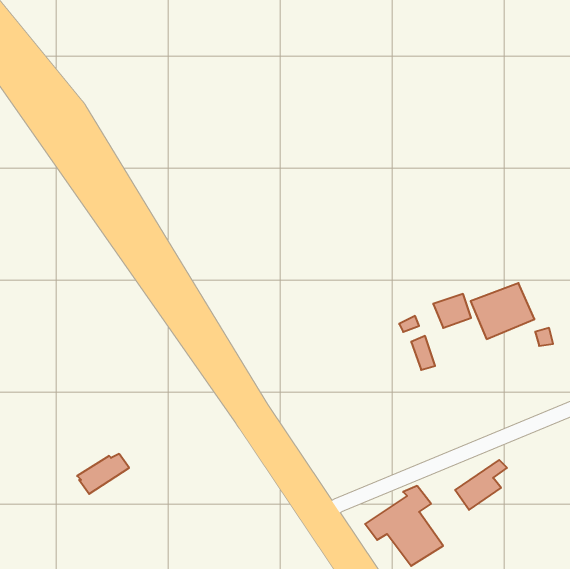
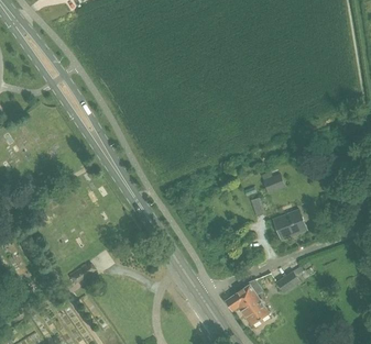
building: [471,283,535,339] -> [272,210,307,241]

